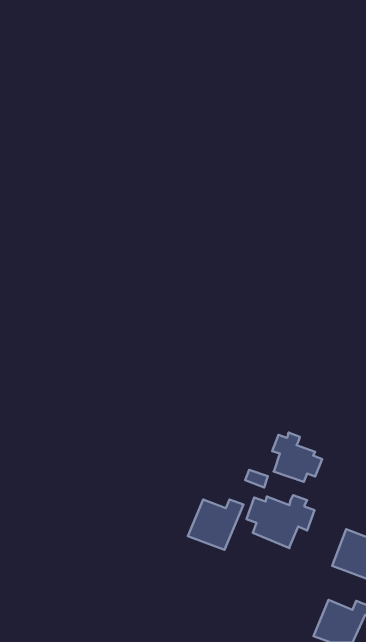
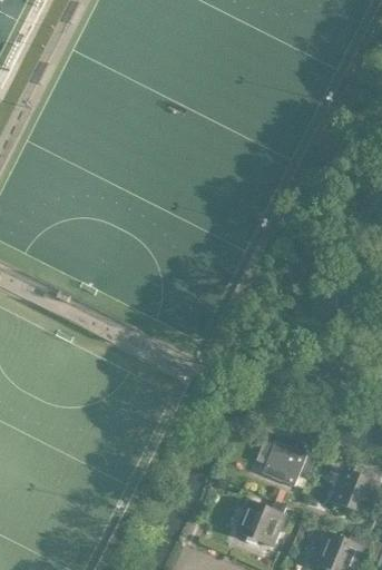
building: [272,433,322,482] -> none
building: [188,499,243,550] -> [237,500,286,544]

